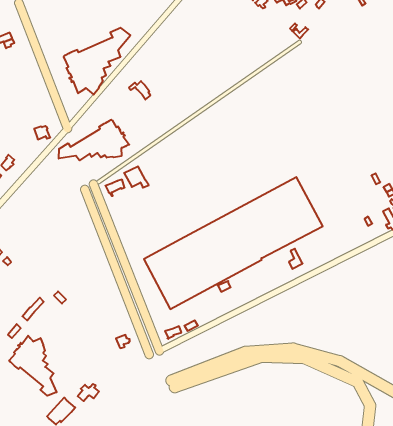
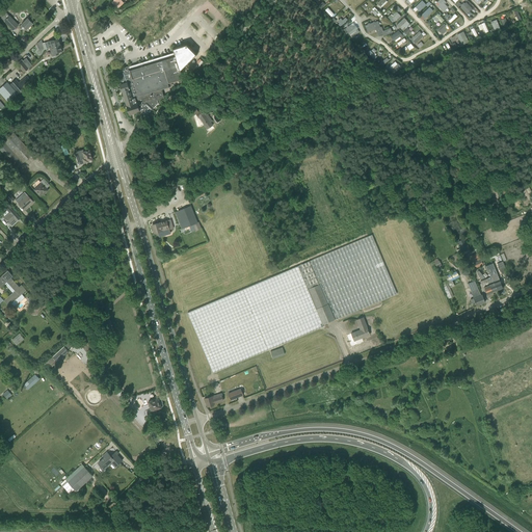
building: [59,120,129,160] -> none
building: [9,336,57,396] -> none

